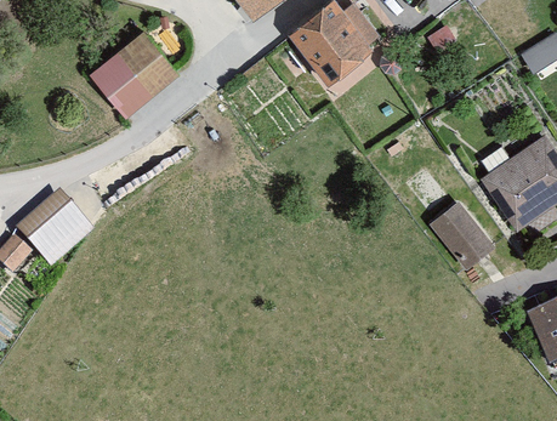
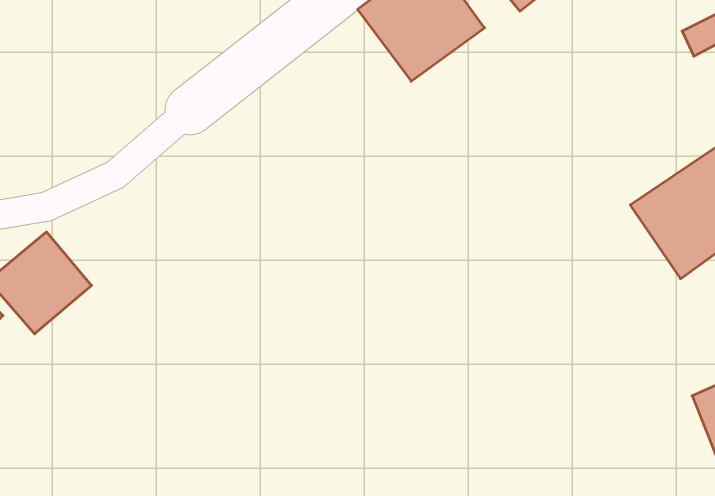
building: [86,32,181,123] -> none
building: [431,197,490,262] -> none

